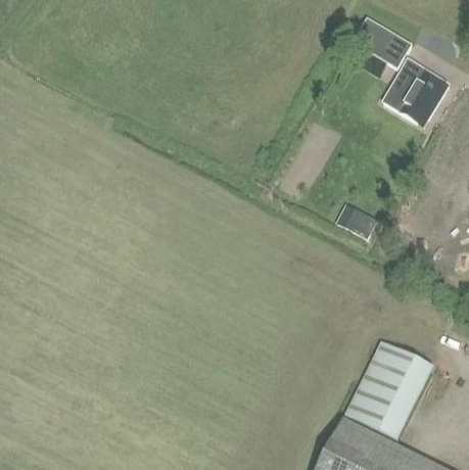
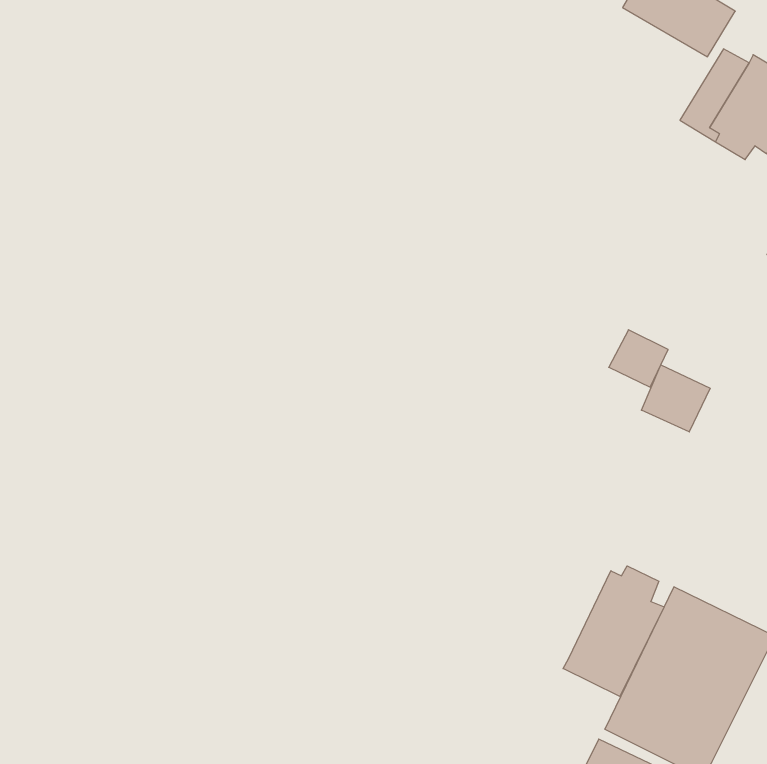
building: none -> [641,365,710,432]
building: none -> [563,566,664,696]

